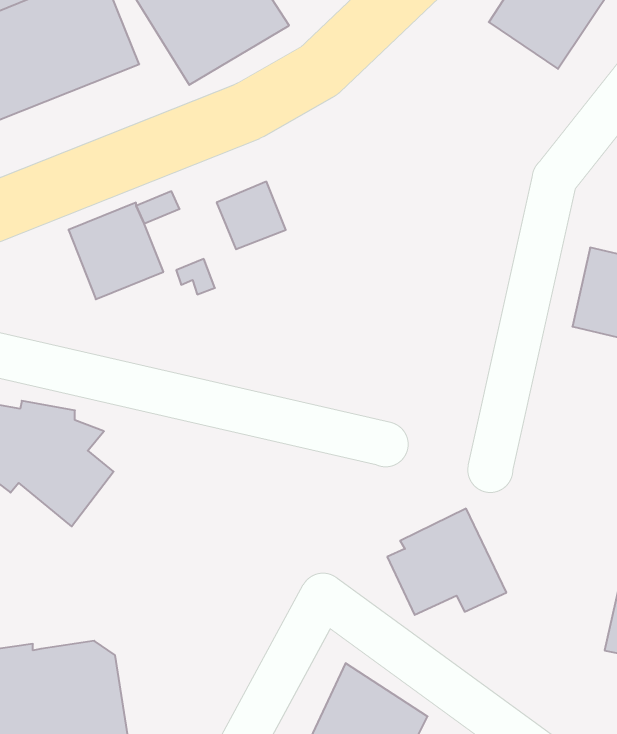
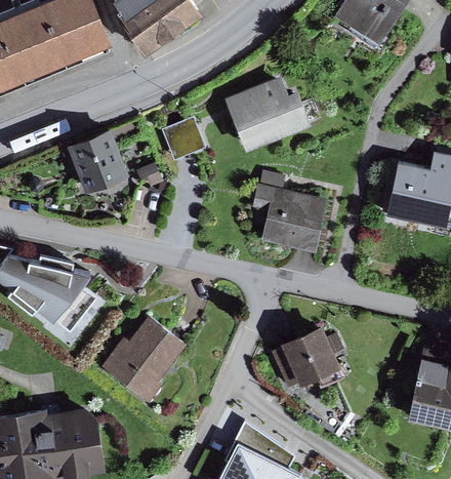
building: none -> [225,79,312,153]
building: none -> [253,174,326,253]
building: none -> [101,316,186,402]

